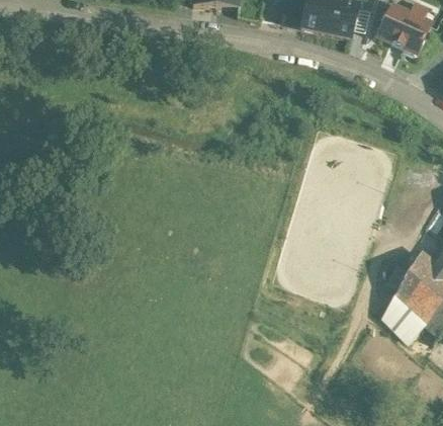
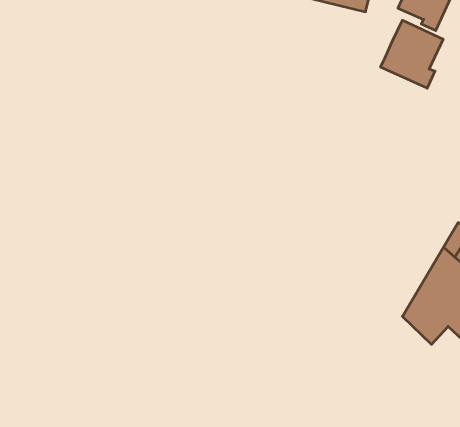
building: none -> [381,20,443,88]

